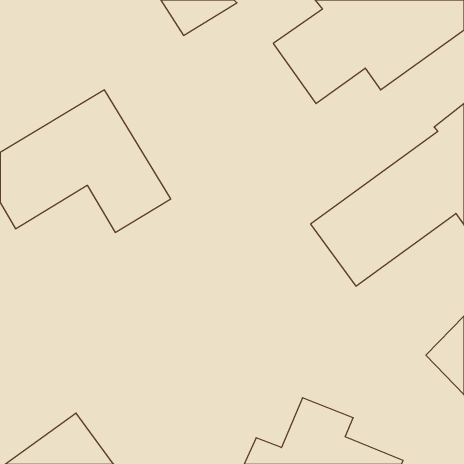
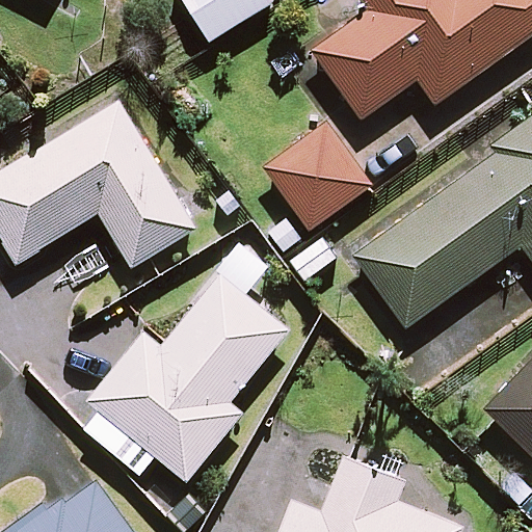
building: none -> [266,124,371,229]
building: none -> [84,271,290,479]

